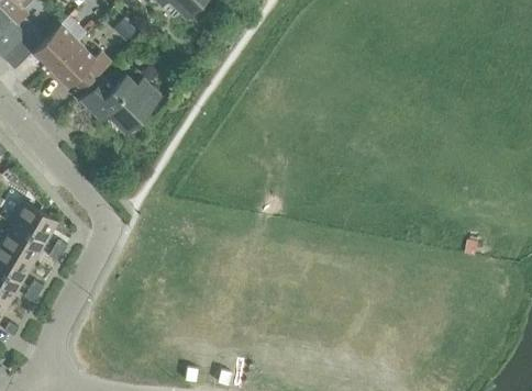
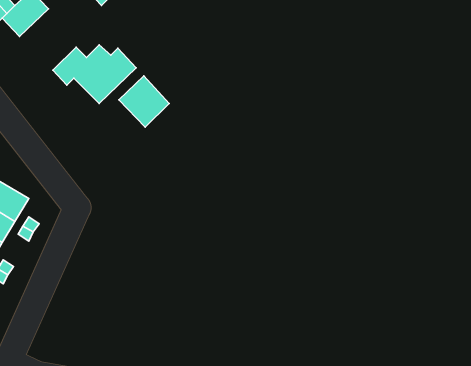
building: [49,43,111,91] -> none
building: none -> [119,76,169,127]

